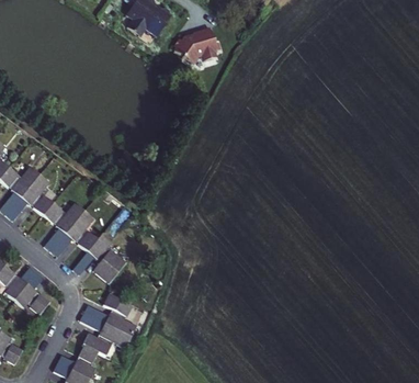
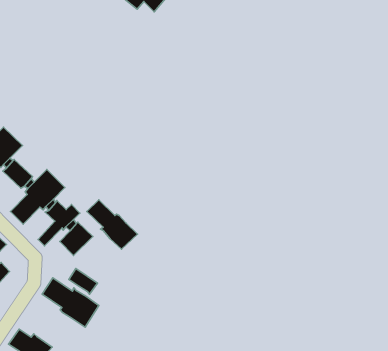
building: [178,33,224,69] -> none
building: none -> [87,200,137,249]
building: [77,333,109,362] -> none

